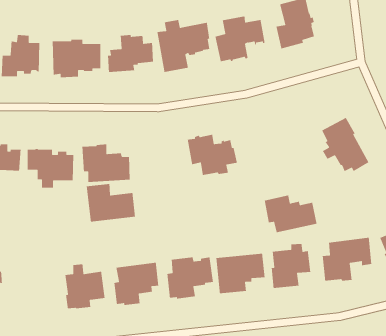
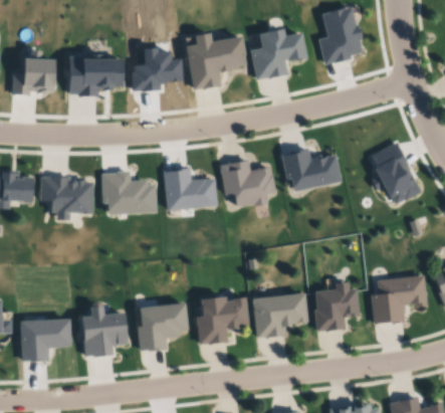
building: [86,183,136,223] -> [163,167,219,211]
building: [264,195,317,233] -> [281,147,342,190]
building: none -> [18,318,71,363]

